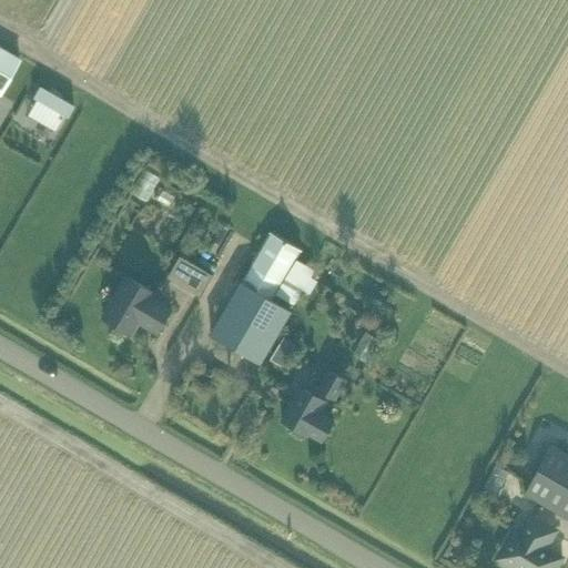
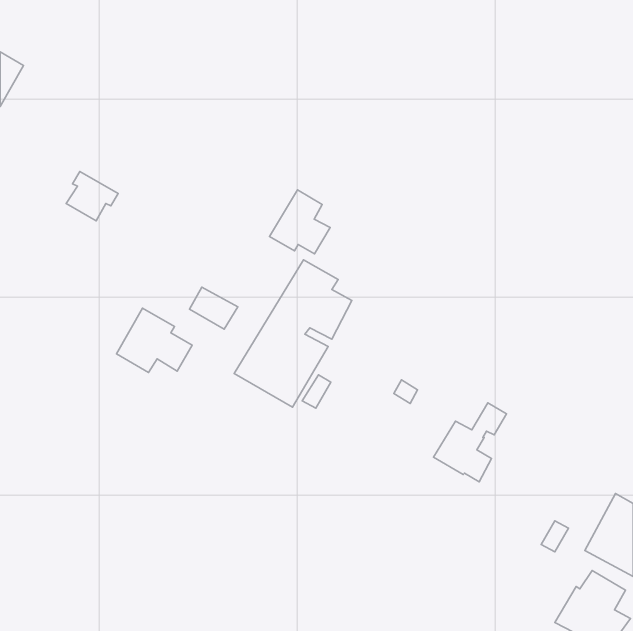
building: [27,88,73,132] -> [66,171,118,221]
building: none -> [270,190,330,254]
building: [281,372,346,443] -> [433,403,506,482]

